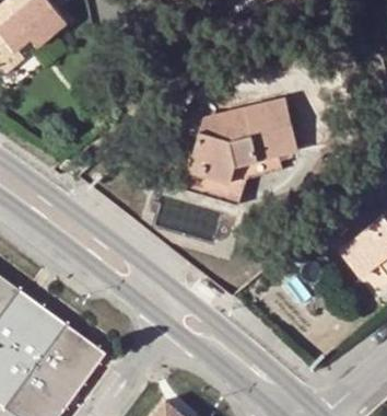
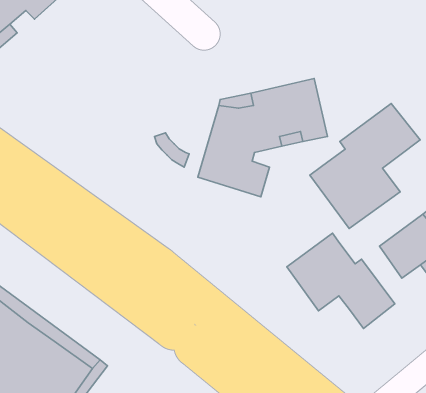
building: none -> [310,103,420,229]
building: none -> [287,233,395,329]

